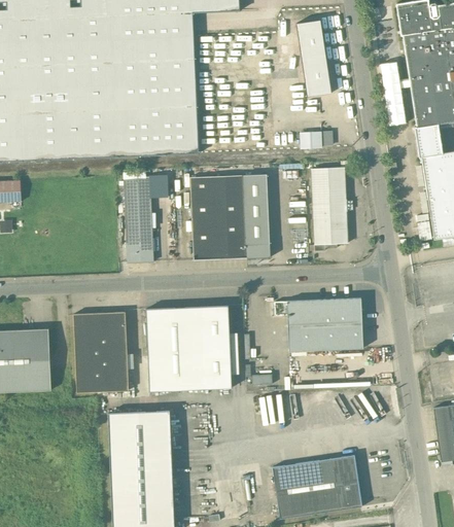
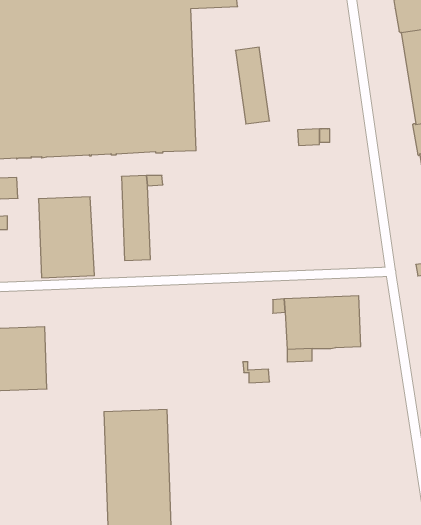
building: [295,19,329,95] -> [235,47,270,124]
building: [311,167,348,244] -> none
building: [190,174,270,260] -> none
building: [146,306,232,391] -> none
building: [73,312,129,392] -> [38,197,94,278]
building: [274,452,364,516] -> none

